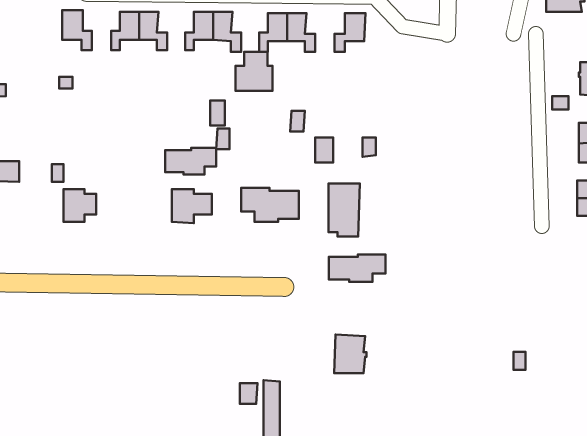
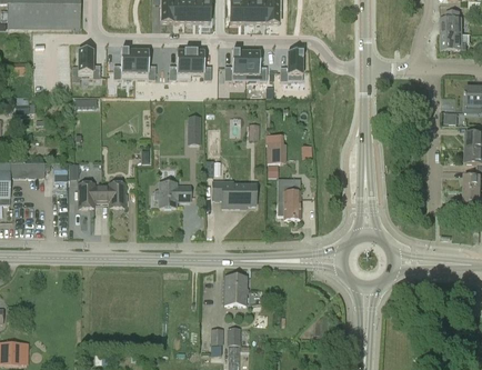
building: [236,52,272,91] -> none
building: [165,148,216,175] -> none
building: none -> [102,182,123,207]
building: [329,254,385,282] -> none
building: [334,335,367,373] -> [223,274,248,303]

